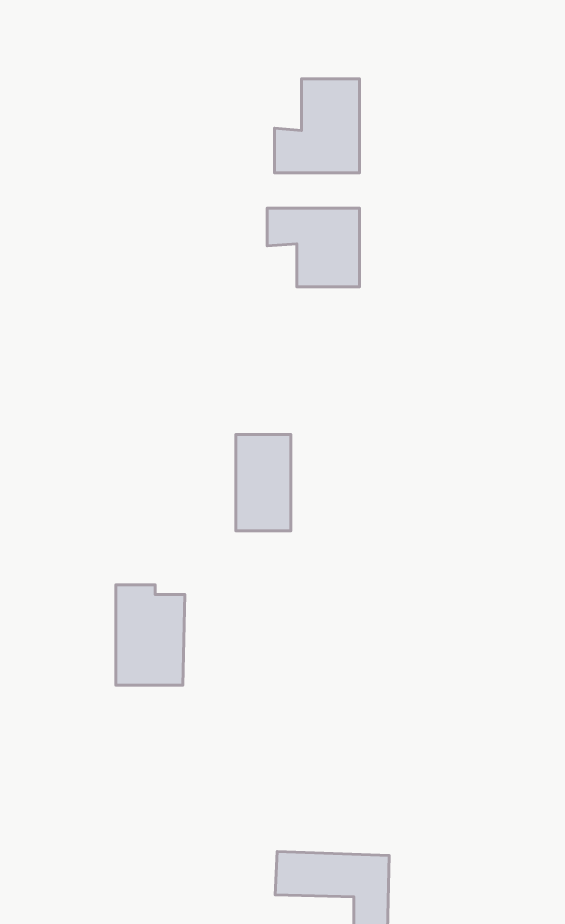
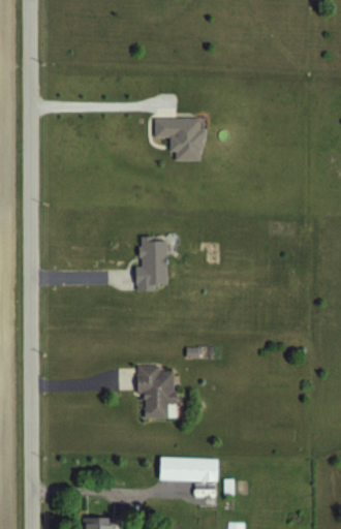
building: [274,79,359,173] -> none
building: [116,585,185,685] -> [140,366,176,418]

